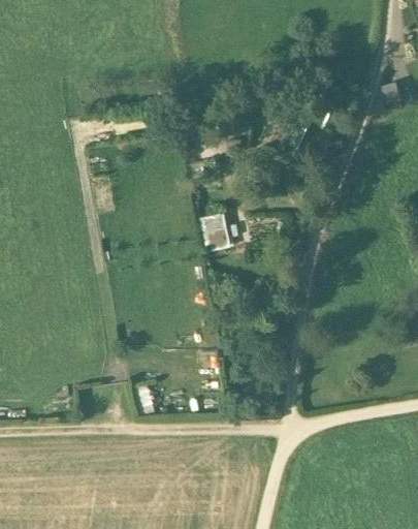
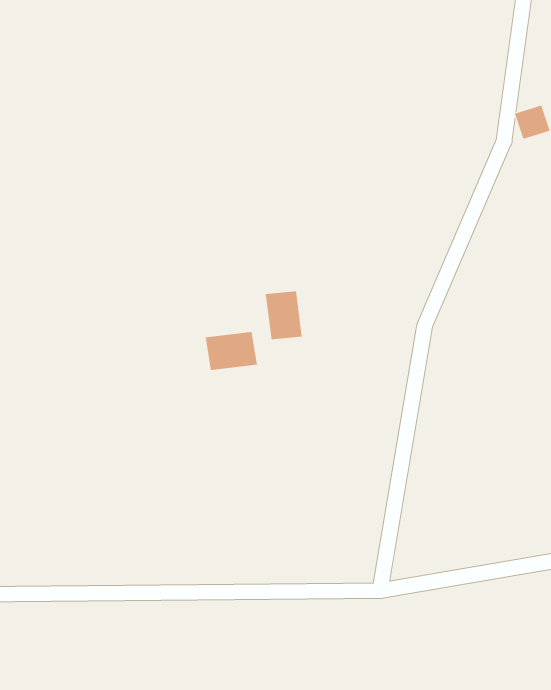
building: none -> [205,331,257,371]

